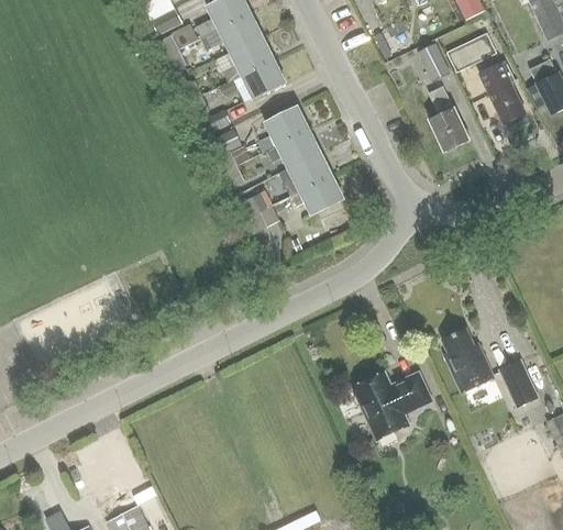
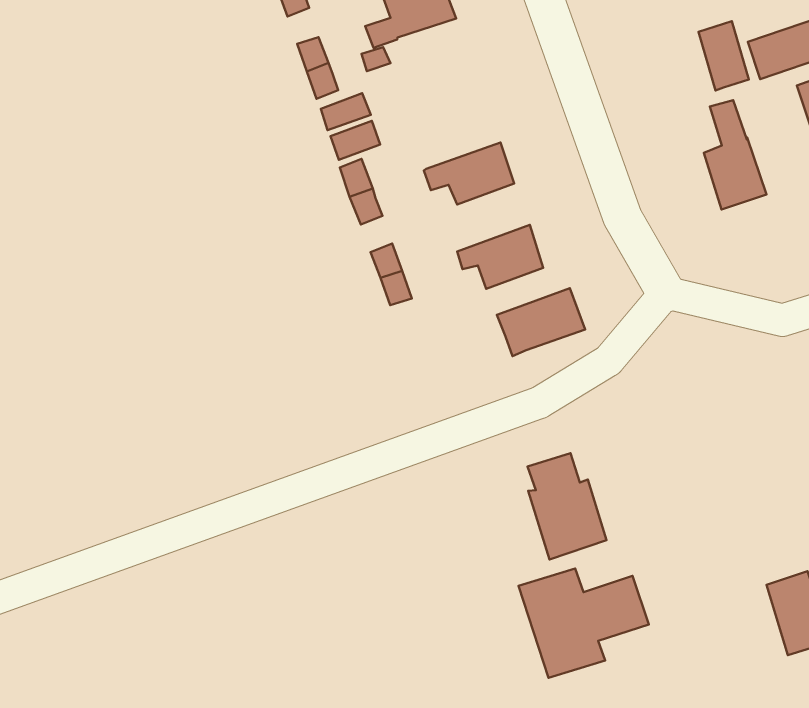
building: [241,59,285,99] -> none
building: [260,106,309,152] -> none
building: [279,152,332,196] -> [497,288,585,356]
building: [441,329,493,393] -> [527,453,606,559]

